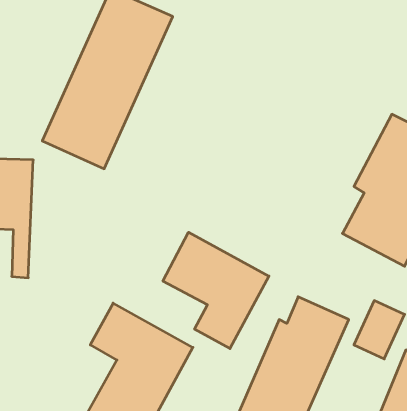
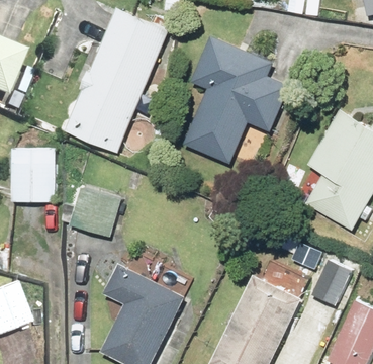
building: none -> [183,33,297,161]
building: none -> [73,185,119,233]
building: [163,232,269,349] -> none

